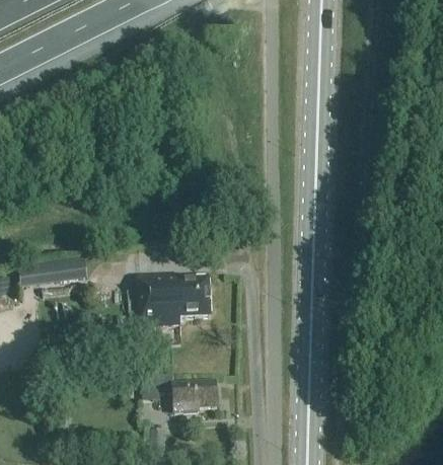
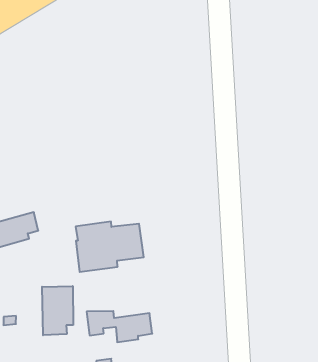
building: none -> [42,286,73,335]

